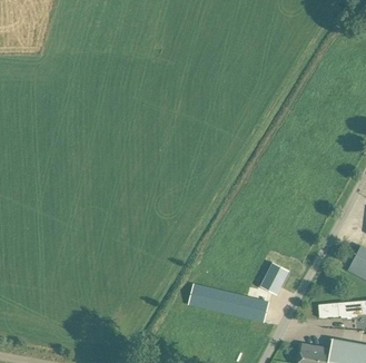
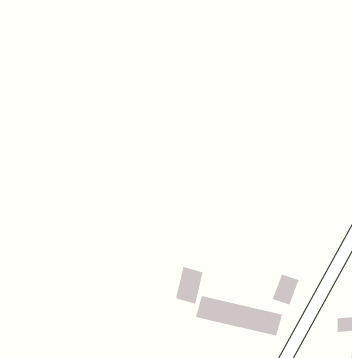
building: none -> [176,266,203,304]

